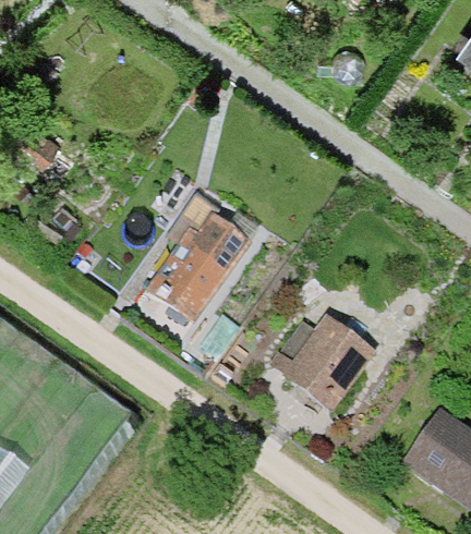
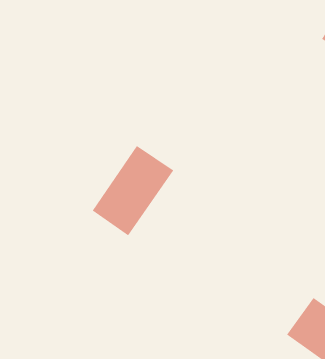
building: [282,317,375,413] -> none

